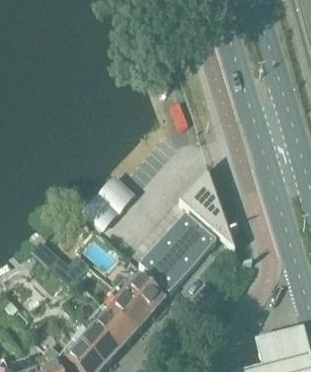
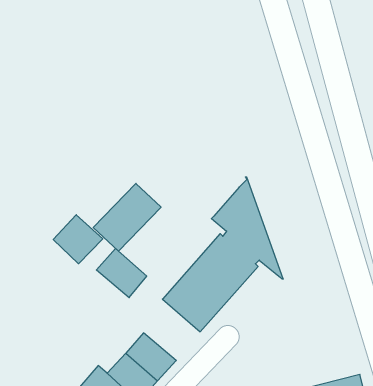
building: none -> [53,215,103,264]
building: [123,277,163,316] -> [96,249,147,298]

